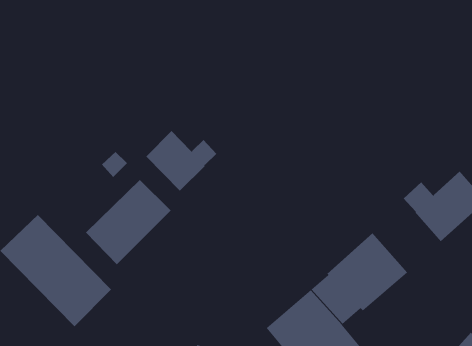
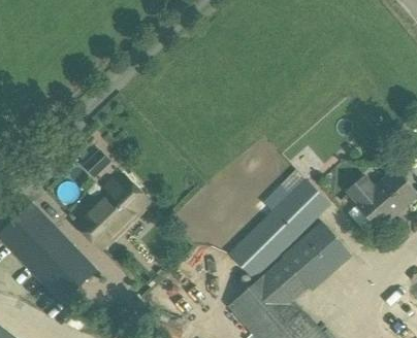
building: [145,130,217,192] -> none
building: none -> [225,168,329,279]

